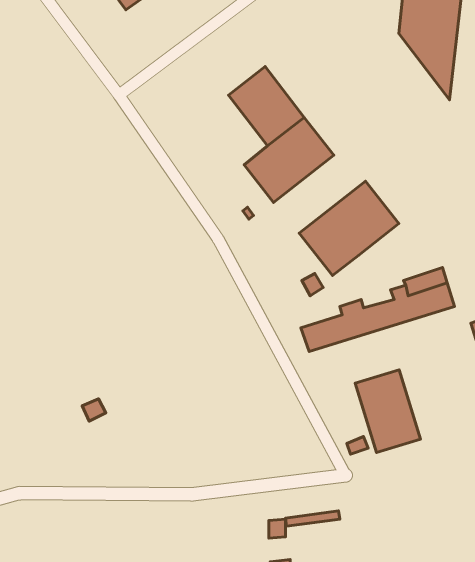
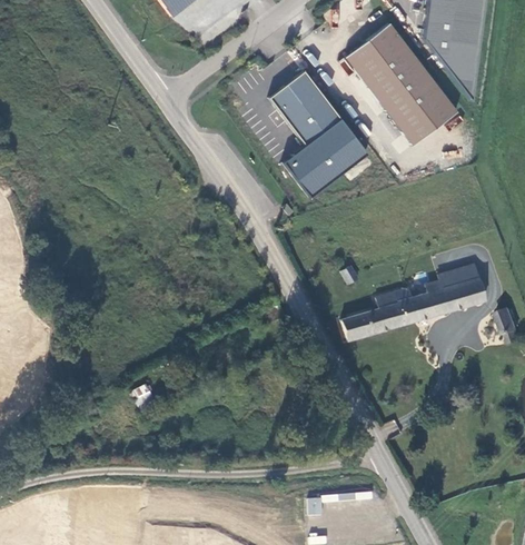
building: none -> [343,20,454,142]
building: [299,181,399,275] -> none
building: [355,370,420,452] -> none

